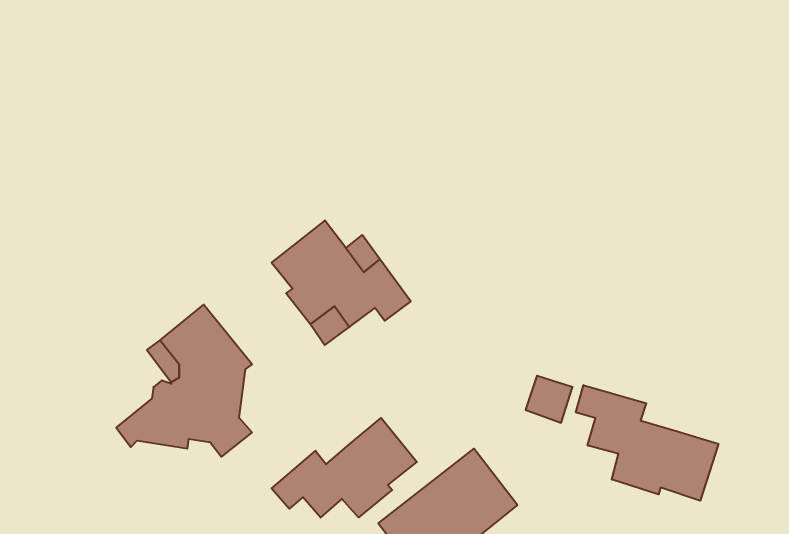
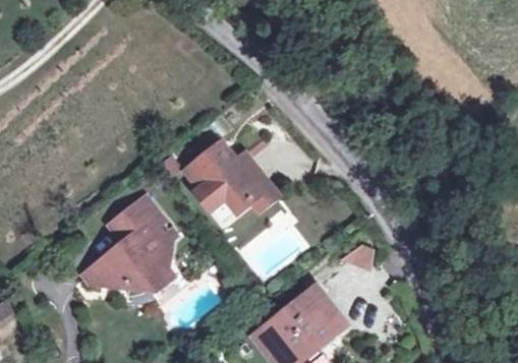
building: [576,385,718,501] -> none
building: [272,418,417,518] -> none

